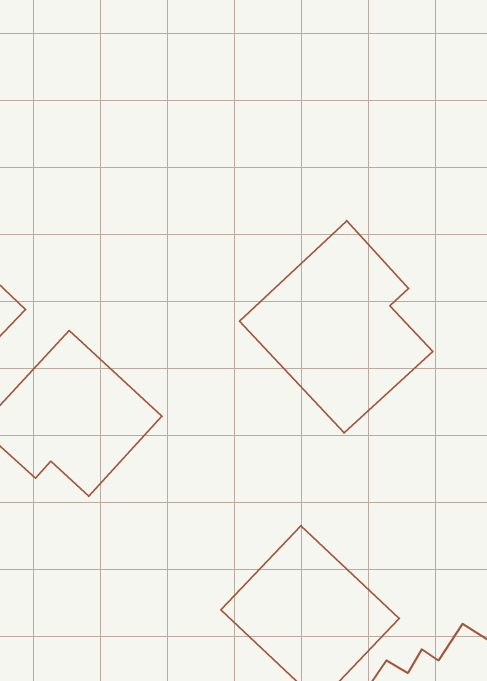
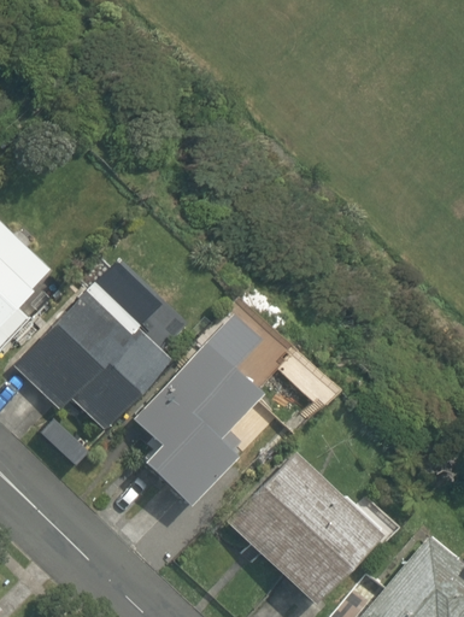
building: [240,221,433,433] -> none
building: none -> [131,322,263,505]

